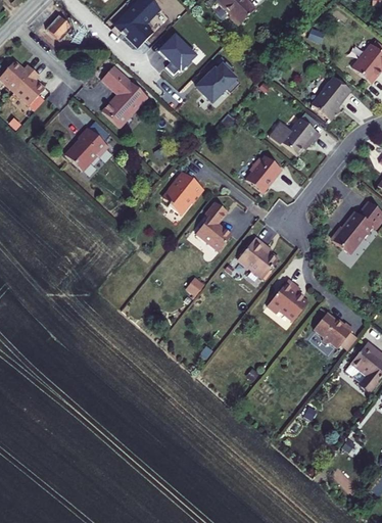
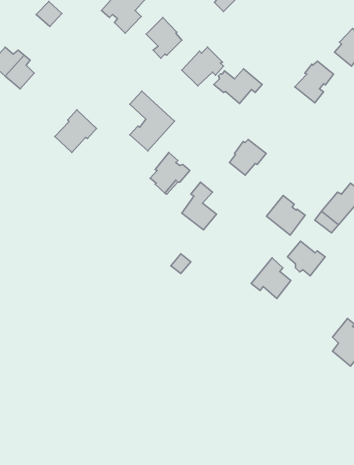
building: [102,66,148,128] -> [130,91,174,151]
building: [270,118,320,154] -> [214,69,262,104]
building: [238,237,278,278] -> [266,195,305,235]
building: [314,312,352,347] -> [287,241,325,276]

